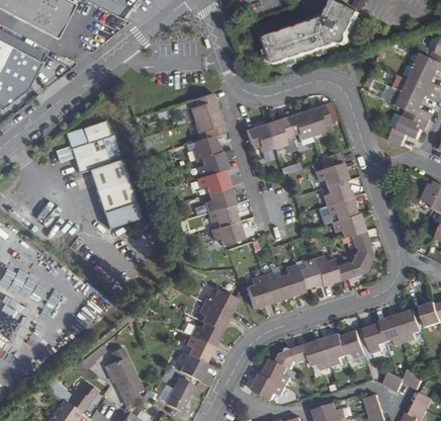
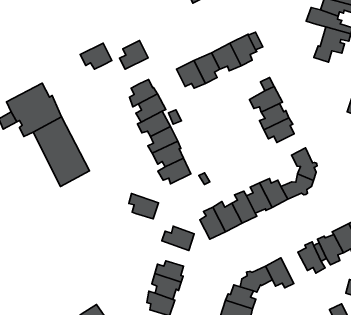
building: [193,112,225,138] -> [80,43,112,69]
building: [332,213,365,237] -> none
building: [199,302,230,331] -> [129,193,159,219]
building: [323,333,348,366] -> none

